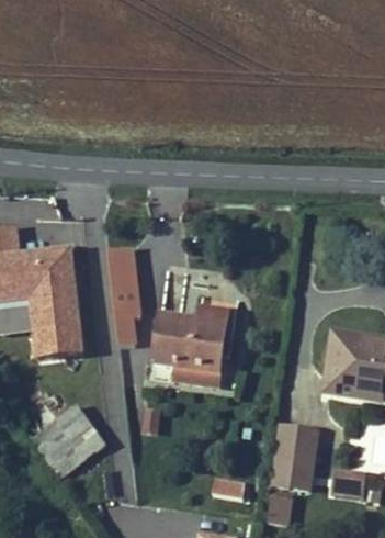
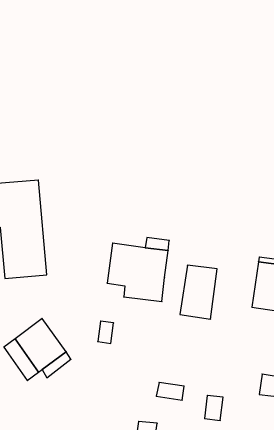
building: [103,243,145,346] -> none
building: [273,426,317,490] -> [180,265,217,319]

